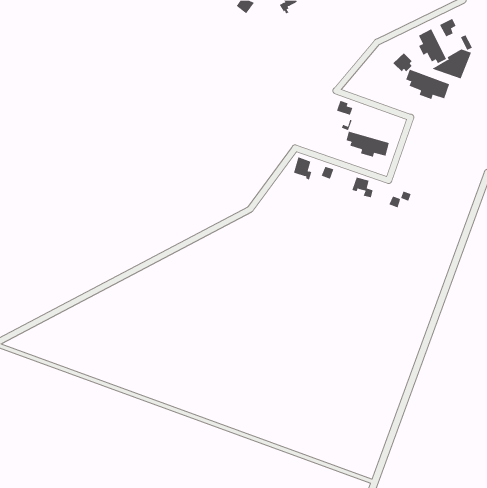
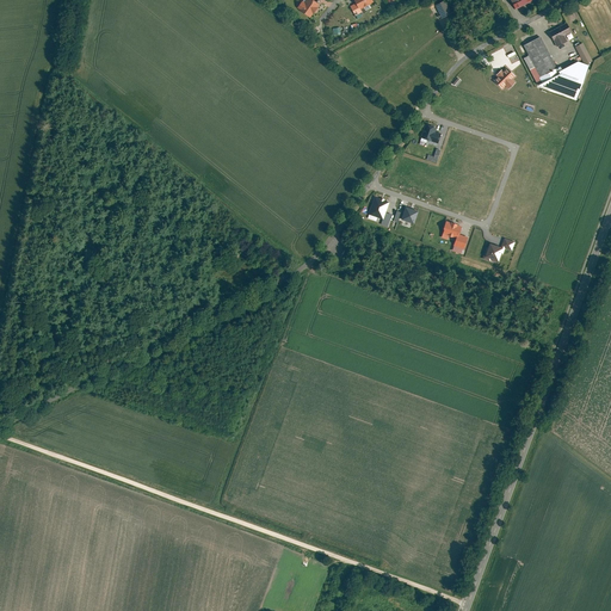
building: [405,69,450,100] -> none
building: [346,131,390,158] -> none

